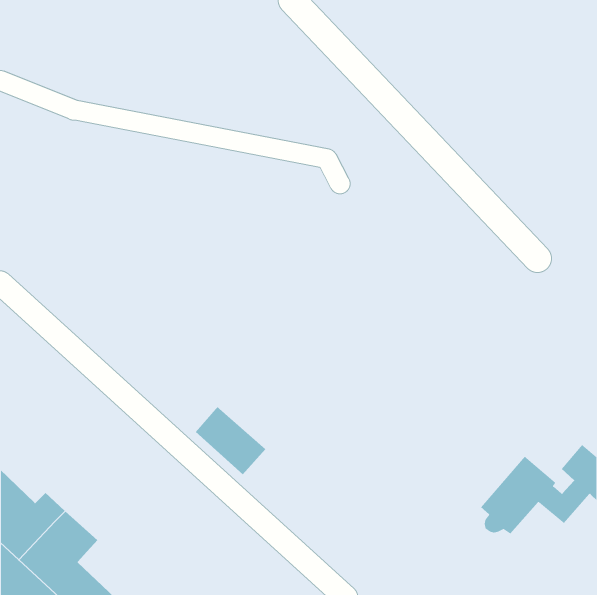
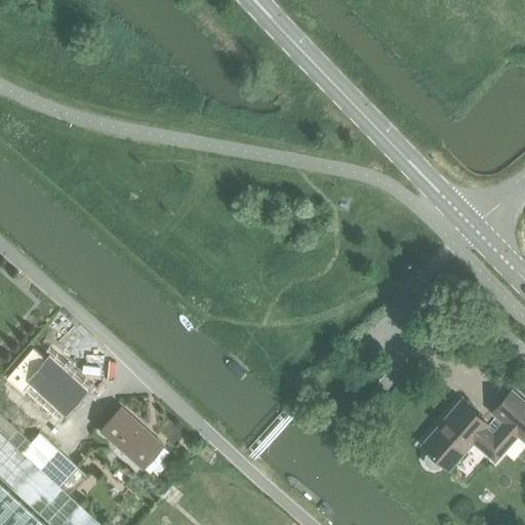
building: [195,406,266,475] -> [100,409,163,470]
building: none -> [28,359,87,414]

